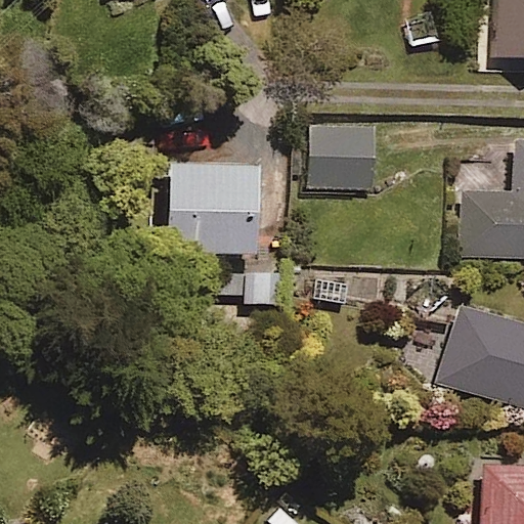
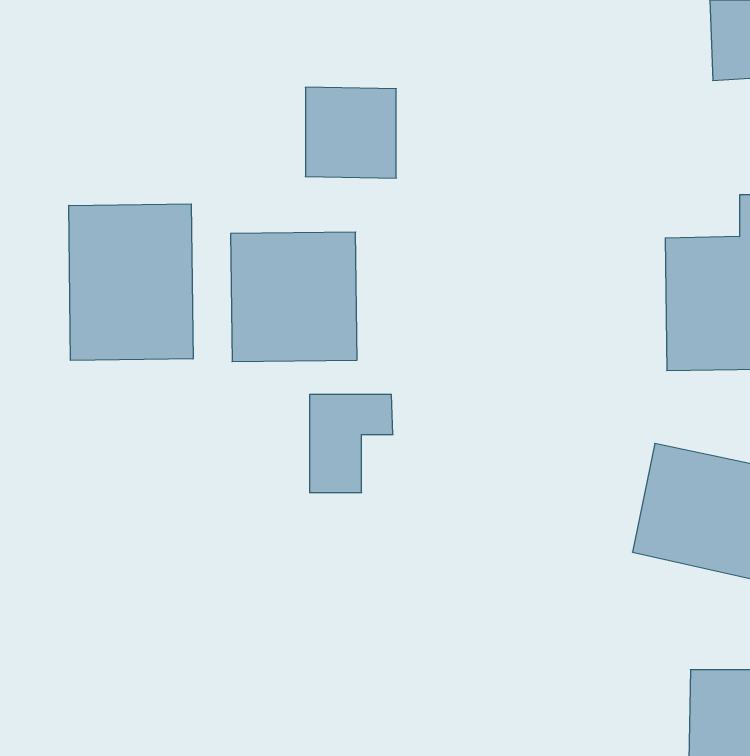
building: [312,128,375,190] -> [305,87,396,178]
building: none -> [69,204,193,360]

